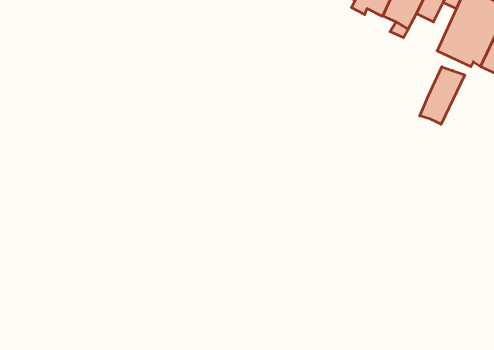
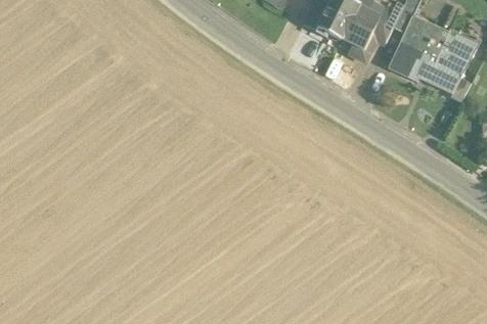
building: [420,67,465,124] -> none

